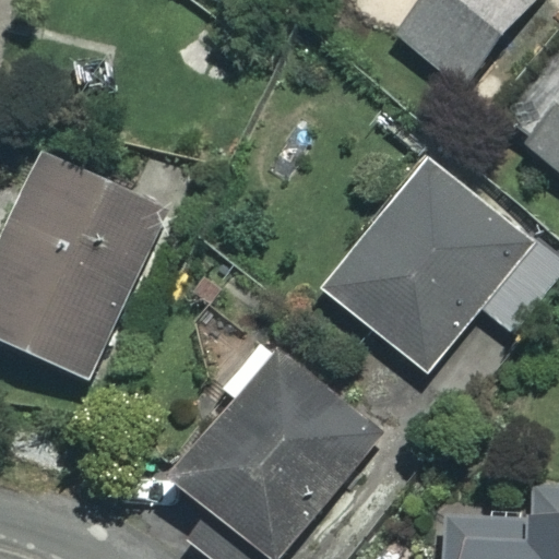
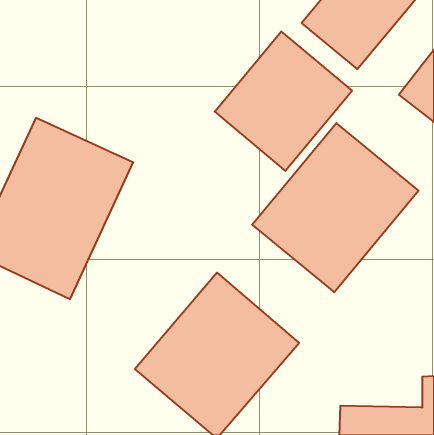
building: none -> [215,31,352,171]

